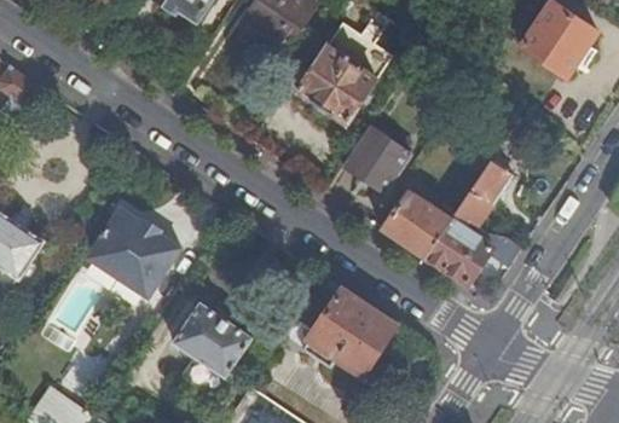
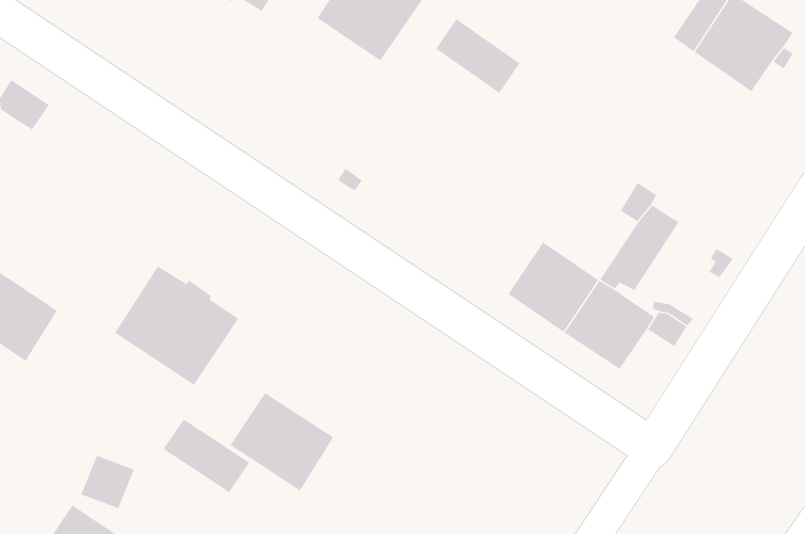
building: [297,44,376,123] -> none
building: [342,123,411,192] -> none
building: [288,277,394,373] -> none
building: none -> [163,418,250,493]

